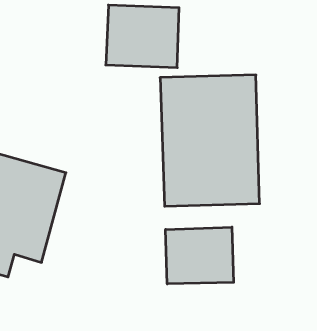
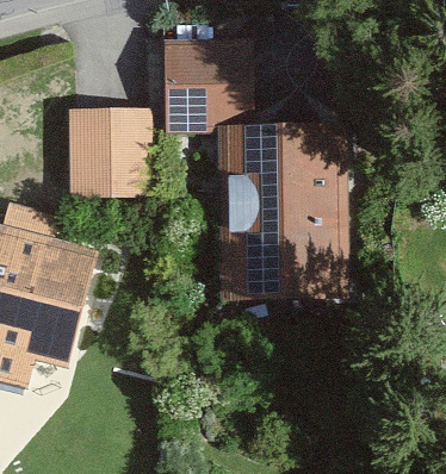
building: none -> [62,104,149,195]
building: [166,227,234,284] -> none

